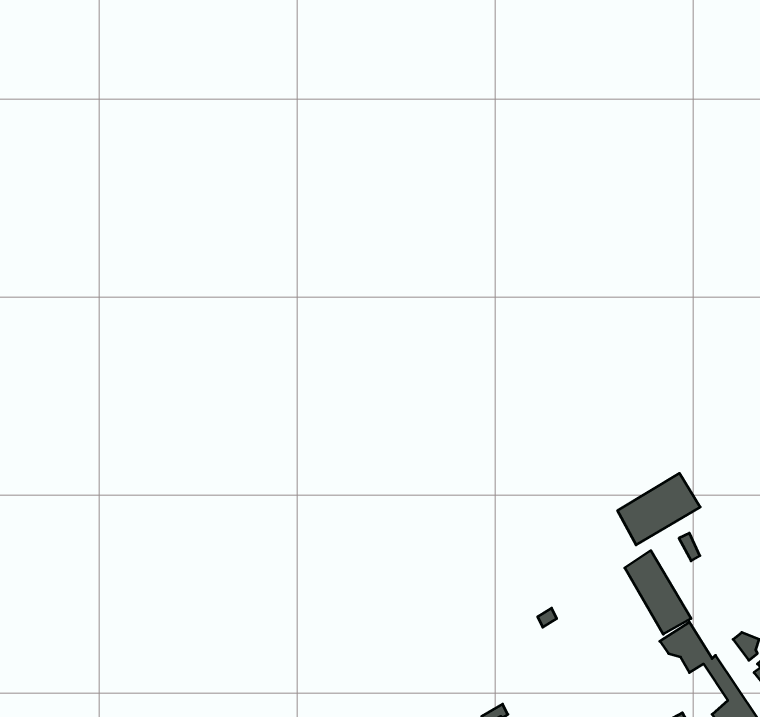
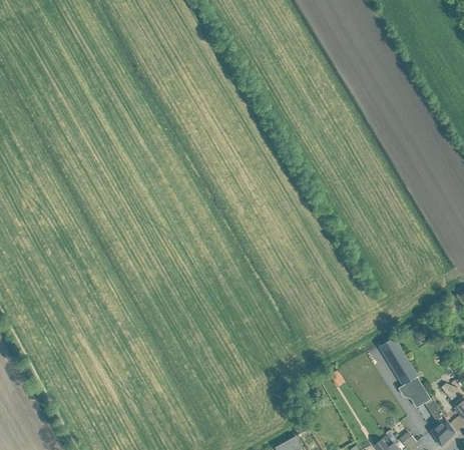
building: [618,473,700,545] -> none

